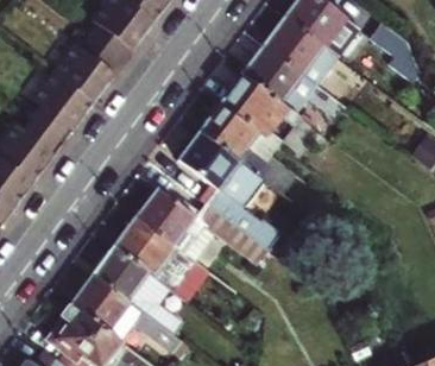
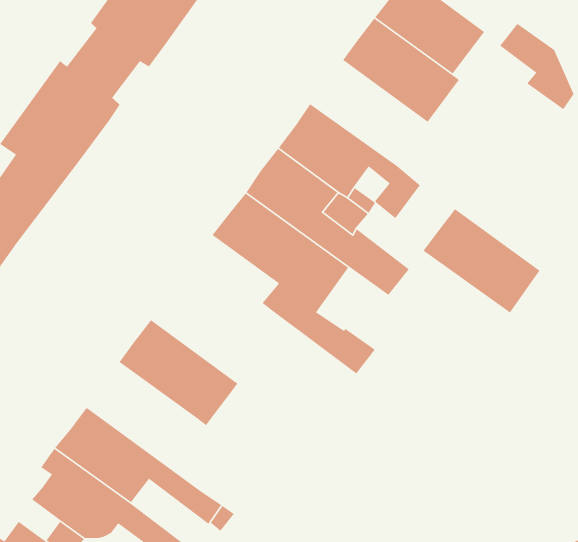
building: [239,44,317,114] -> [423,208,540,313]
building: [133,188,270,266] -> none
building: [90,245,177,330] -> none

